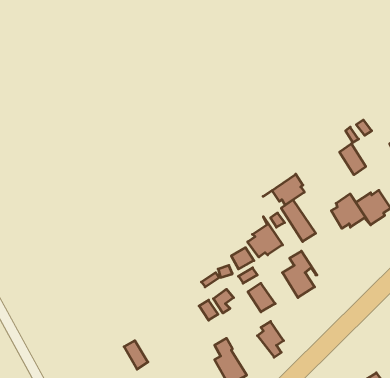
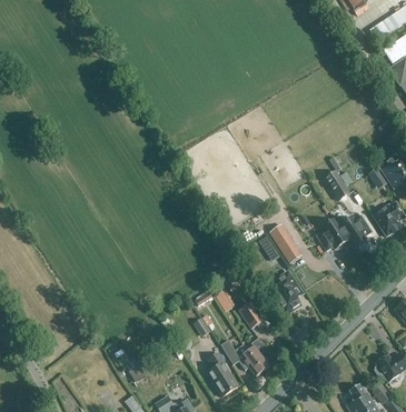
building: [263,174,304,205] -> none
building: [248,217,283,257] -> none
building: none -> [219,339,263,375]

